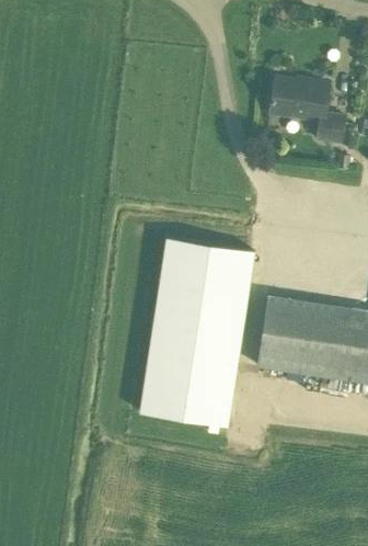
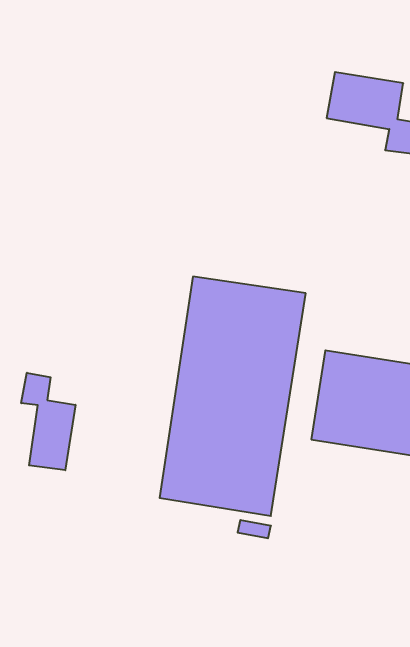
building: none -> [21,373,75,470]

